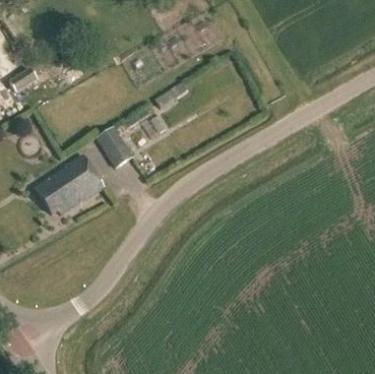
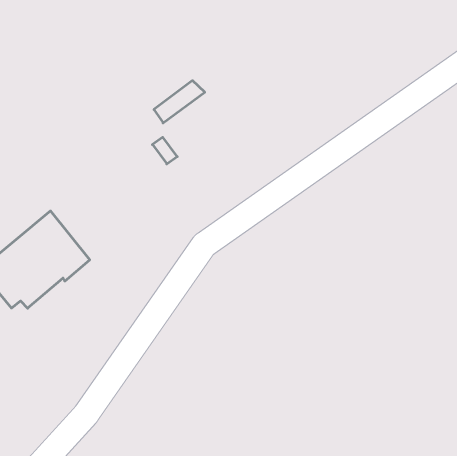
building: [96,109,151,169] -> none

